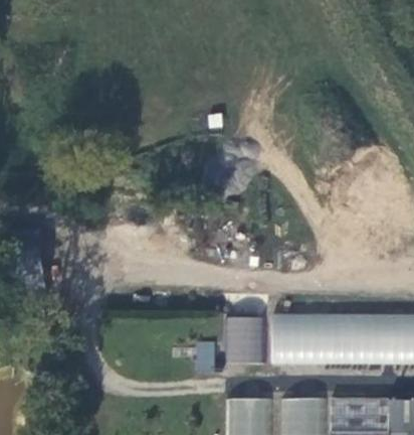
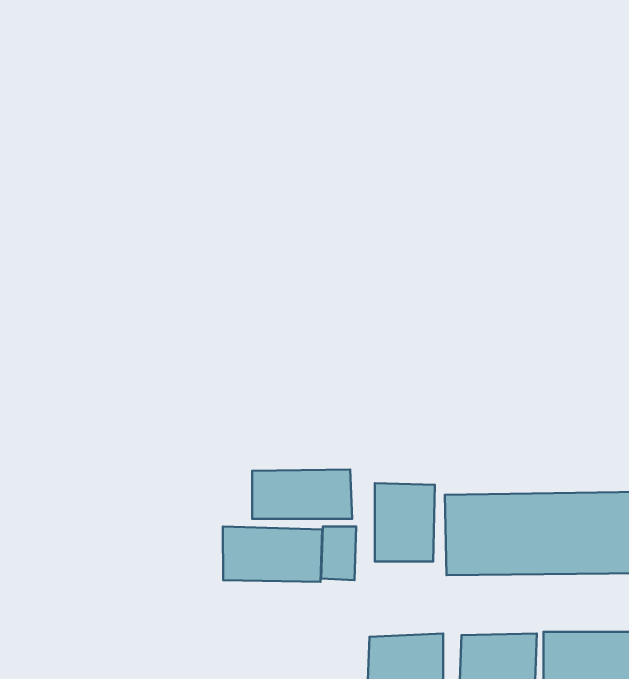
building: none -> [252,469,352,519]
building: none -> [223,526,322,582]

